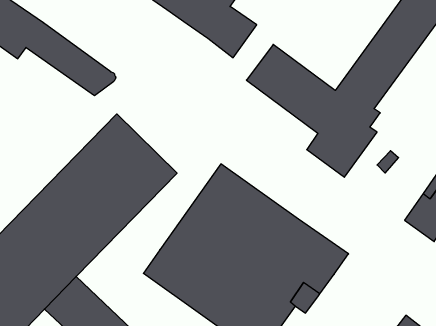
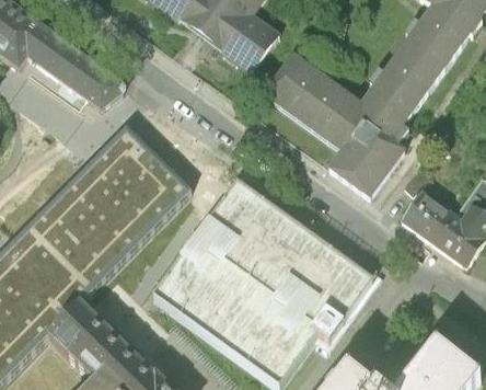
building: none -> [402,190,454,241]

